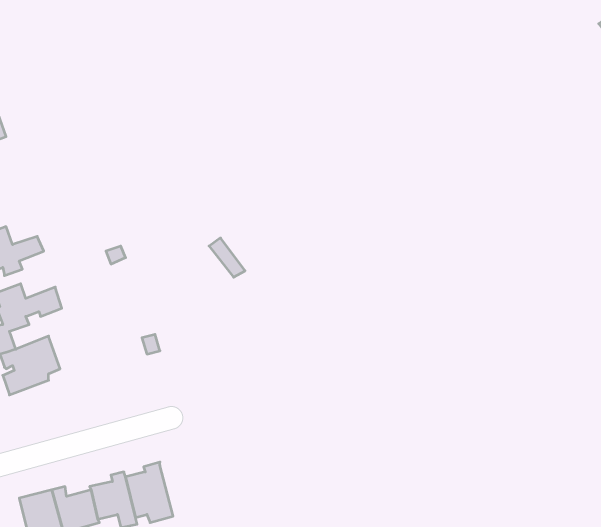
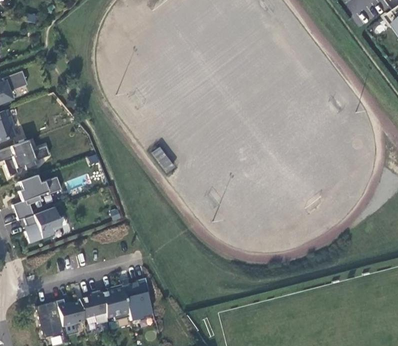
building: none -> [121,278,151,318]

